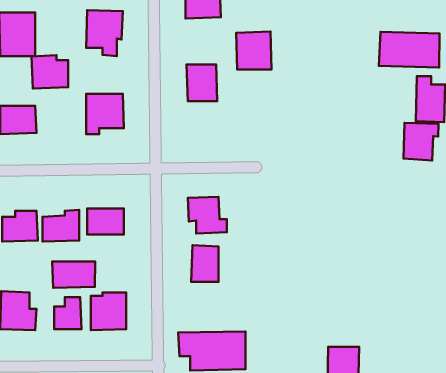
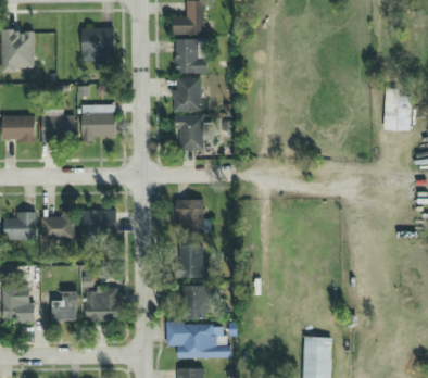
building: [236,32,272,69] -> [174,38,206,73]
building: [379,32,440,68] -> none
building: [32,55,68,88] -> [40,111,74,141]
building: none -> [174,115,211,150]
building: [404,123,438,160] -> none
building: [52,261,95,288] -> none
building: none -> [184,285,210,318]

